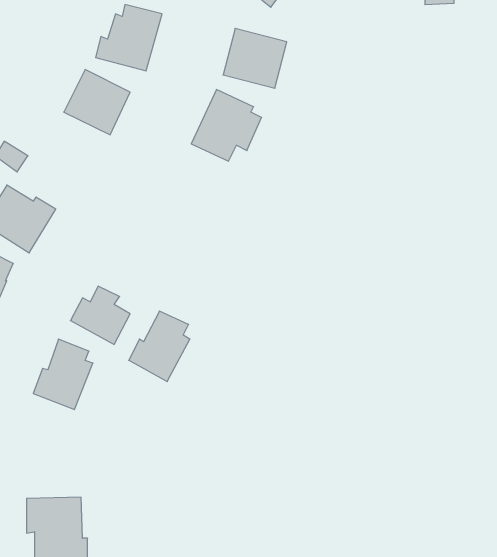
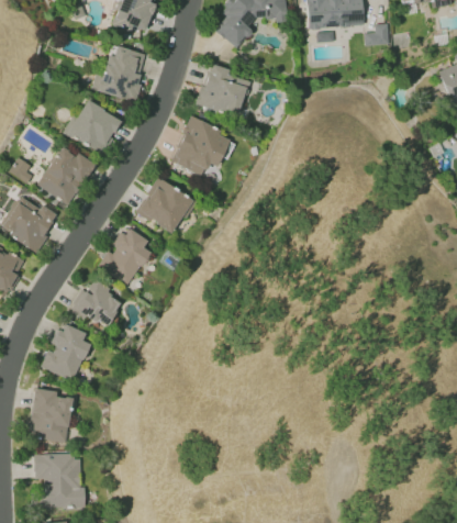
building: none -> [37,145,94,205]
building: none -> [136,177,196,235]
building: [129,311,190,382] -> [99,227,149,286]
building: none -> [27,388,74,443]

